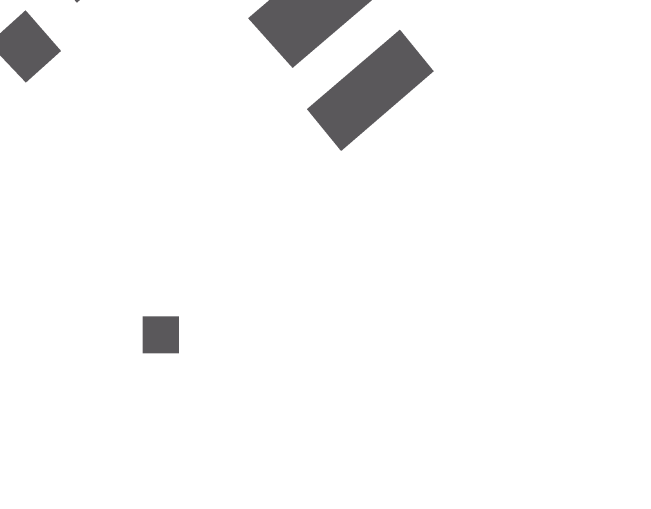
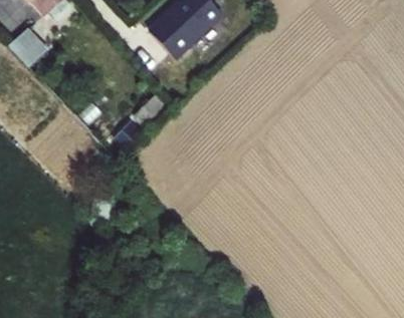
building: [306,28,435,152] -> none

